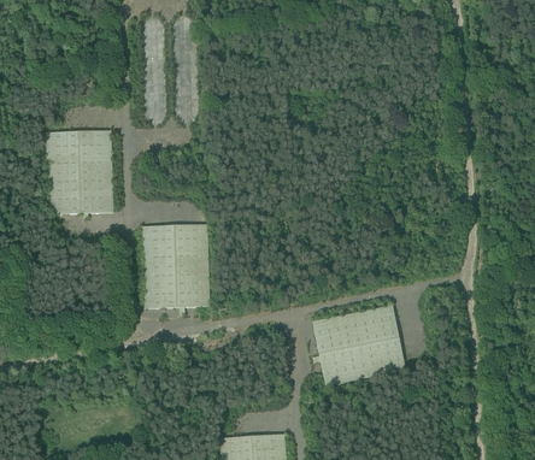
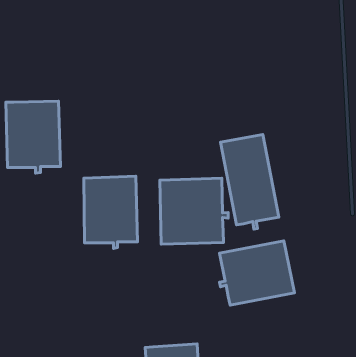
building: none -> [220,134,279,229]
building: none -> [160,178,228,244]

